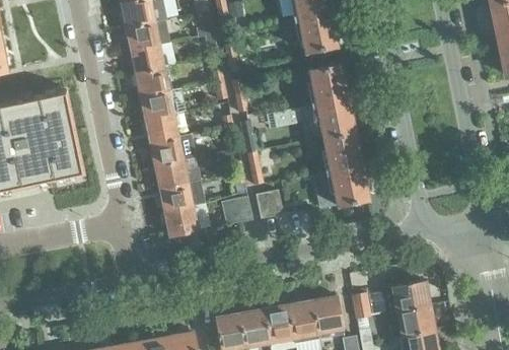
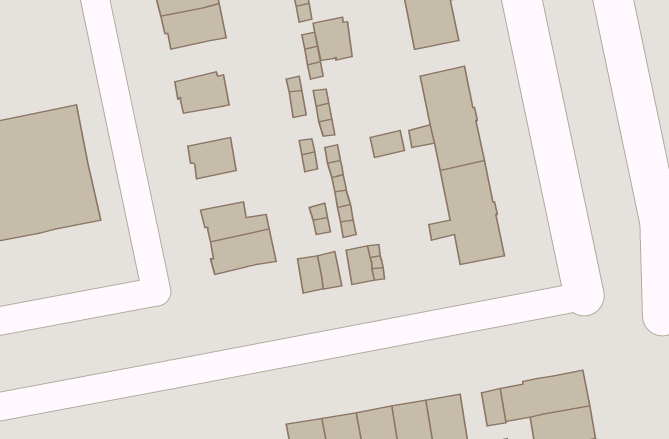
building: none -> [313,17,352,61]
building: [131,44,175,75] -> none
building: [140,92,173,121] -> none
building: [149,135,196,166] -> none
building: [162,205,197,236] -> none

